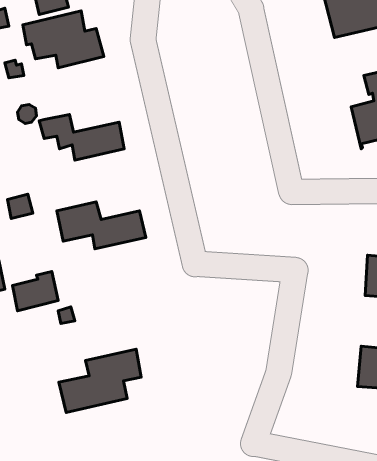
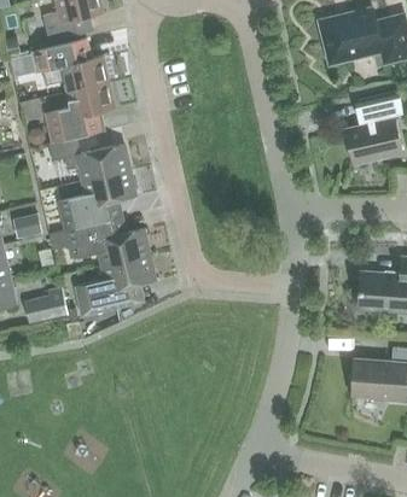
building: none -> [50,82,116,142]
building: none -> [62,170,135,229]
building: [59,349,141,413] -> [76,255,155,315]

